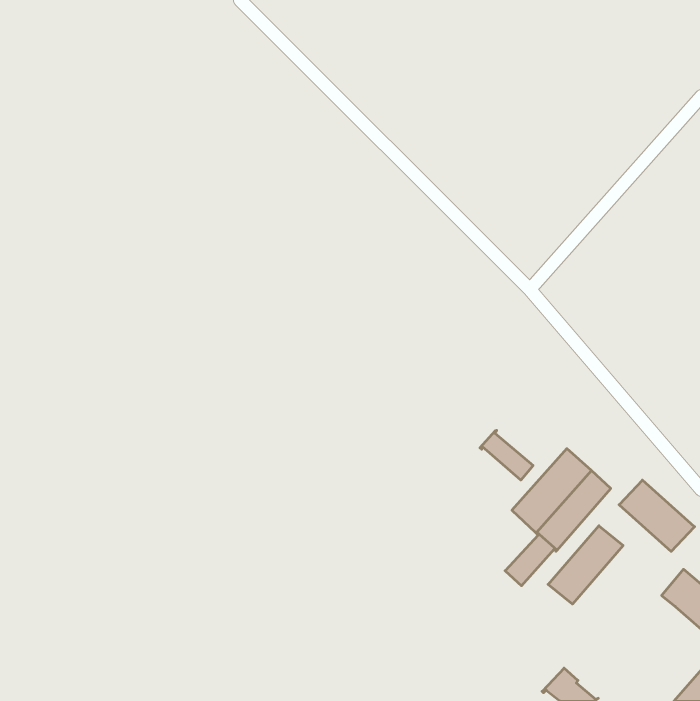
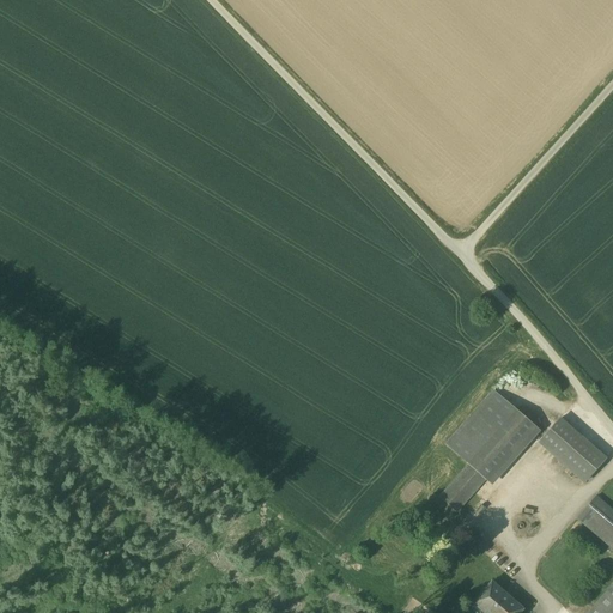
building: [480,430,533,480] -> none
building: [548,526,623,604] -> none

